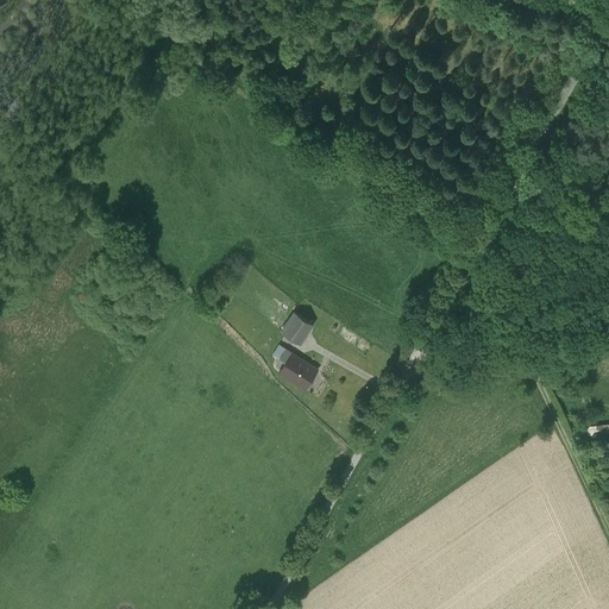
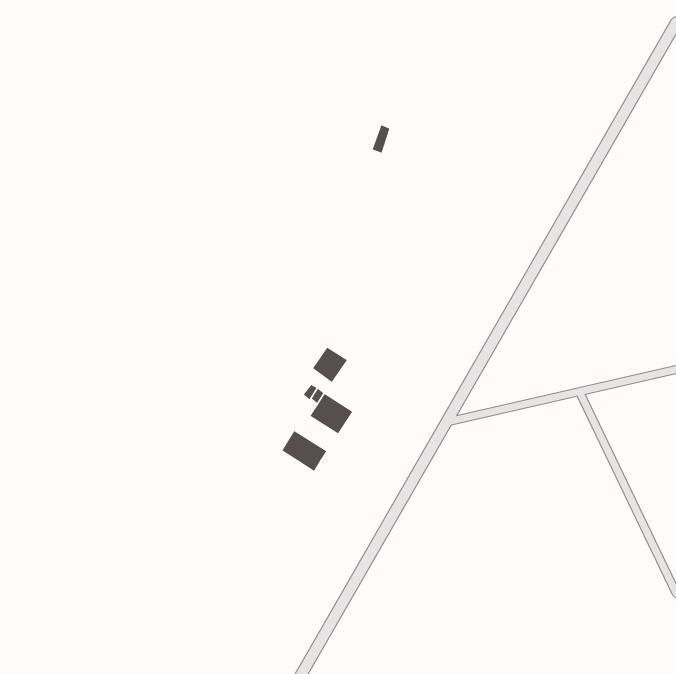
building: none -> [281,430,327,472]

